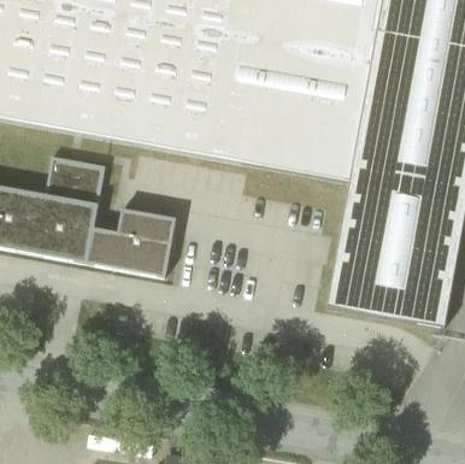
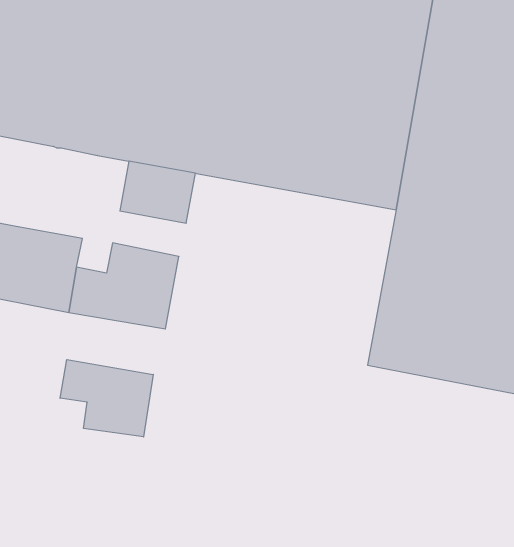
building: [45,155,105,205] -> [120,161,195,223]
building: none -> [60,360,153,437]

